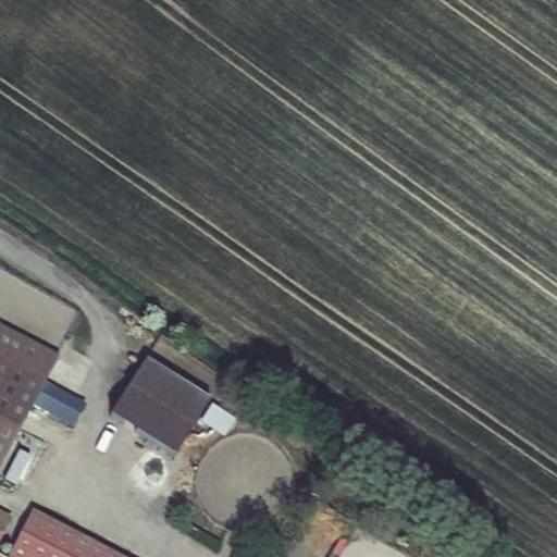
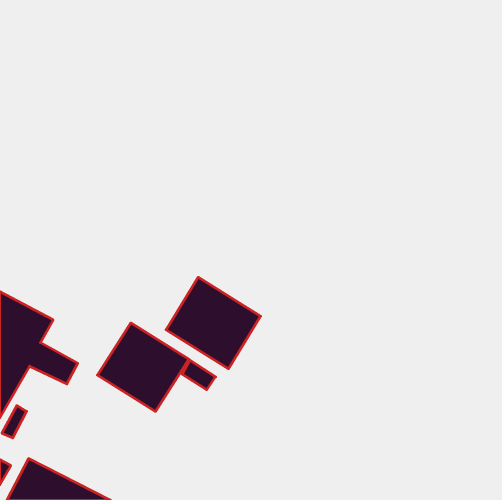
building: none -> [166,277,261,369]

